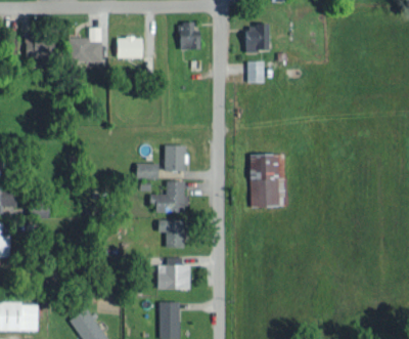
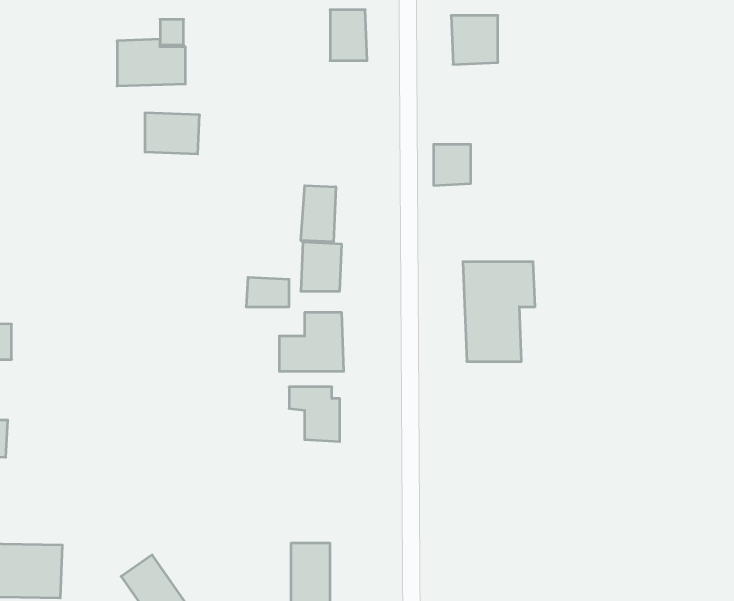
building: [26,37,52,58] -> none
building: [117,37,145,58] -> [145,113,200,154]
building: [247,61,267,83] -> [434,144,471,185]
building: none -> [301,186,336,242]
building: [156,258,189,290] -> none

